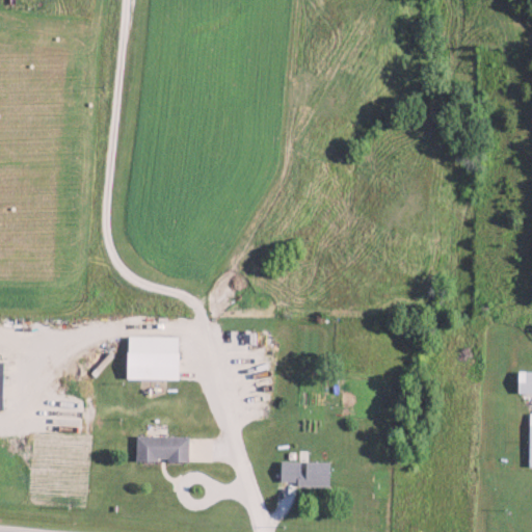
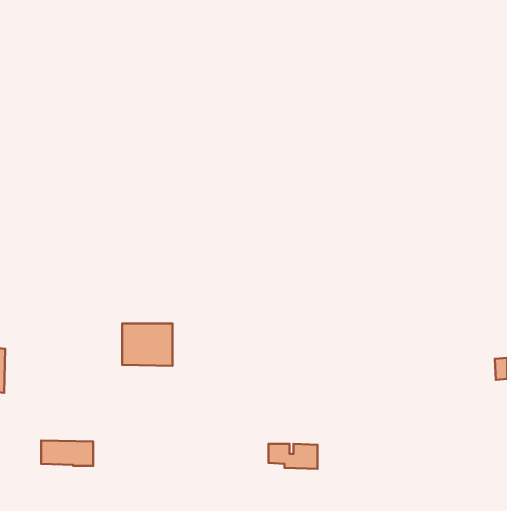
building: [133,436,187,462] -> [41,441,93,466]

